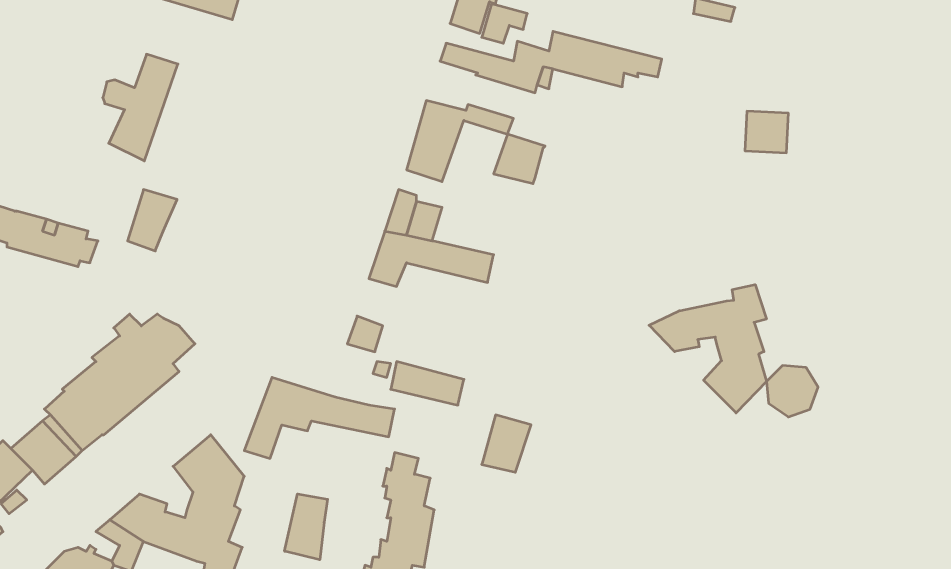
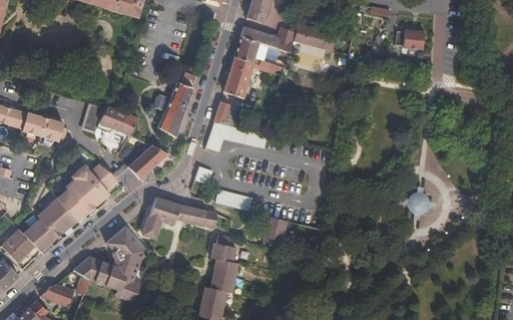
building: [103,54,178,161] -> [154,83,192,137]
building: [745,111,788,153] -> [401,28,423,49]
building: [494,134,545,184] -> [233,37,260,62]
building: none -> [100,107,137,135]
building: none -> [127,145,167,181]
building: [649,285,767,413] -> none
building: [285,494,328,560] -> none

